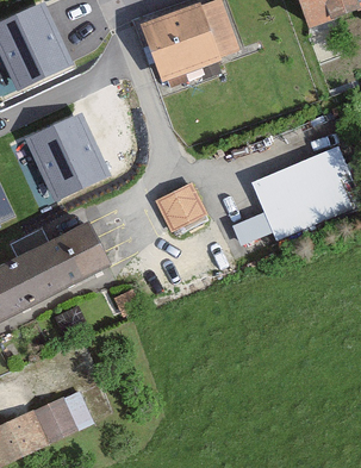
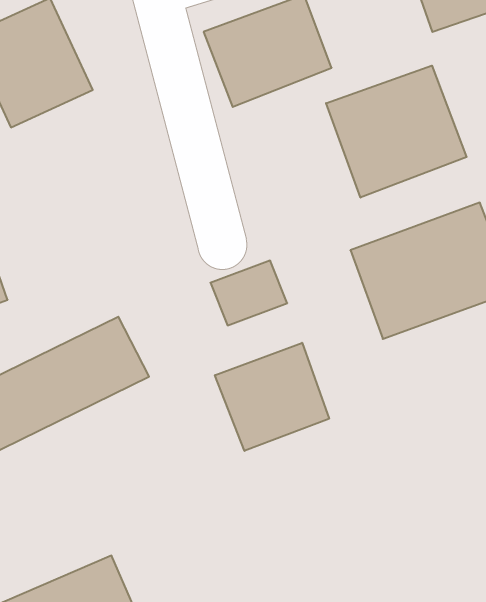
building: none -> [326,66,467,198]
building: [20,111,108,202] -> none
building: none -> [215,343,329,451]

